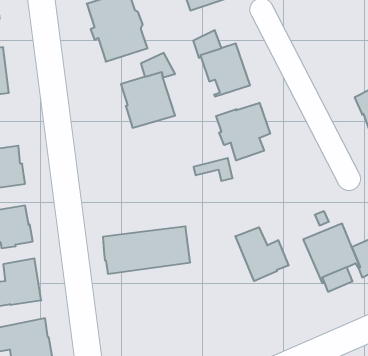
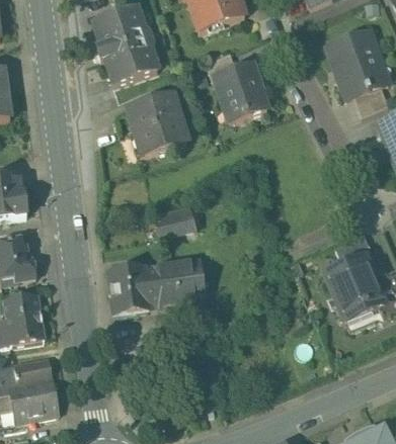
building: none -> [327,29,389,115]
building: [216,103,270,160] -> none
building: [194,158,233,181] -> [154,205,195,230]
building: [235,227,289,281] -> none

